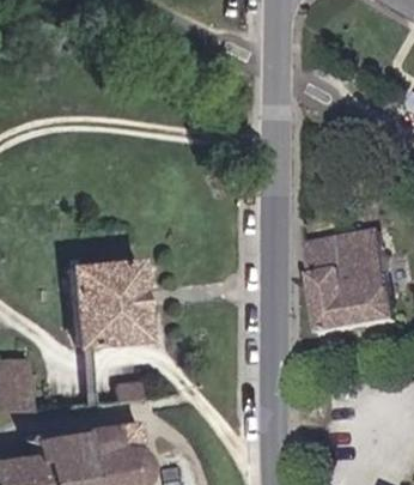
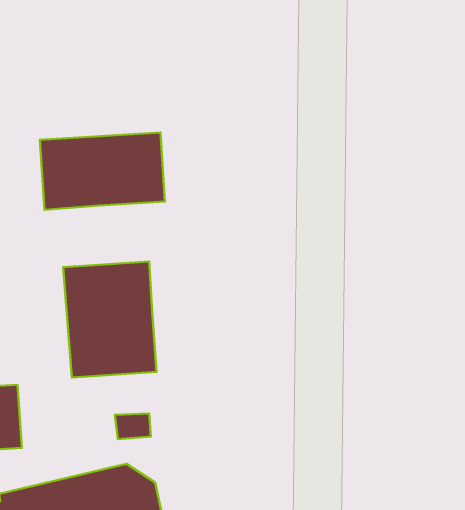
building: none -> [40,133,165,210]
building: [310,236,390,327] -> none

